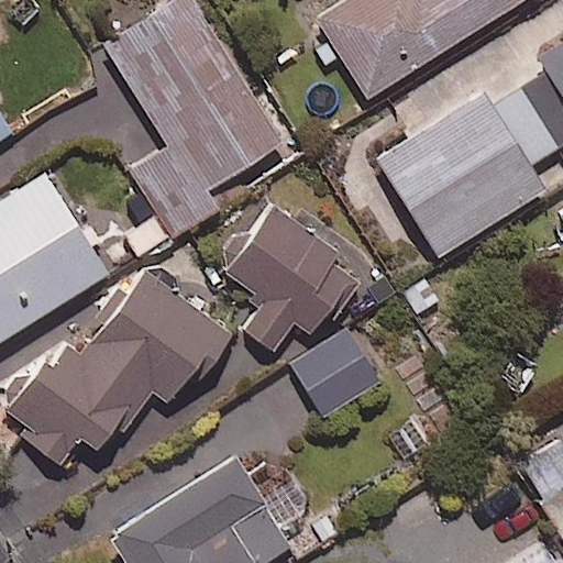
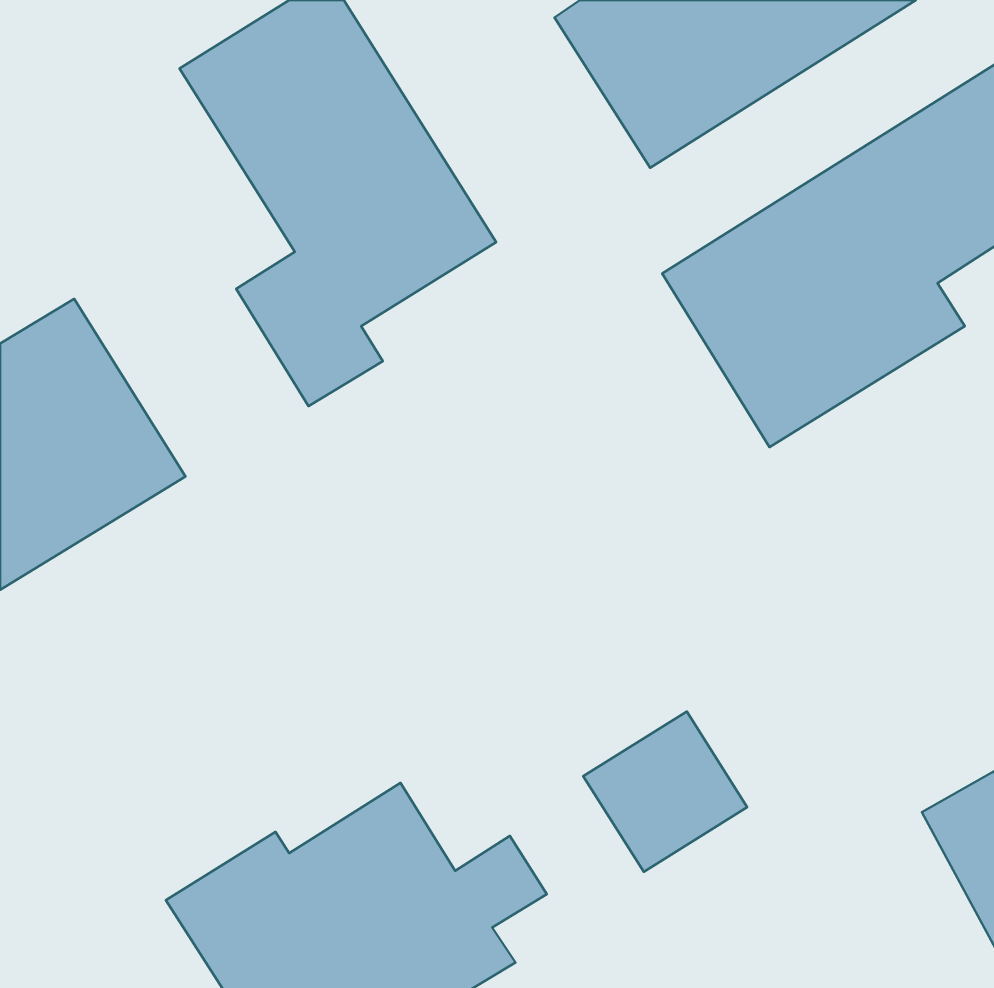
building: [225,207,357,352] -> none
building: [11,273,221,454] -> none
building: [288,329,380,419] -> [583,712,747,872]

